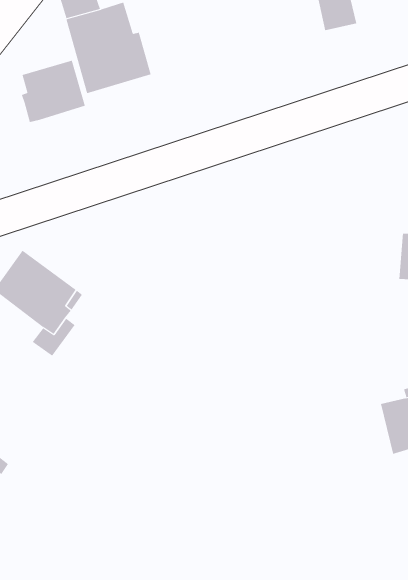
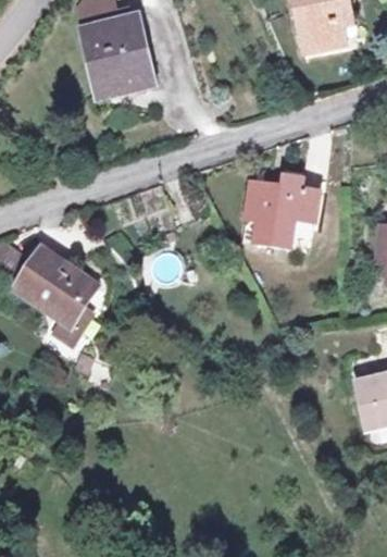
building: [21,60,86,123] -> none
building: none -> [245,175,322,249]

